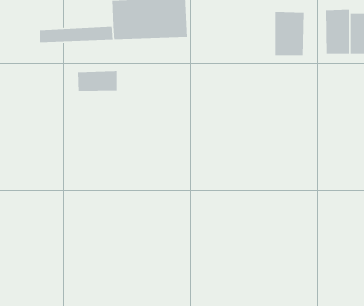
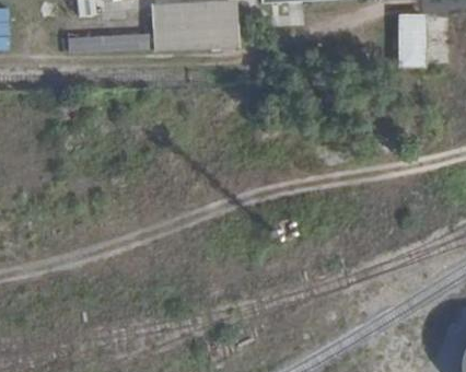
building: [275,11,305,56] -> none
building: [77,70,117,92] -> none

